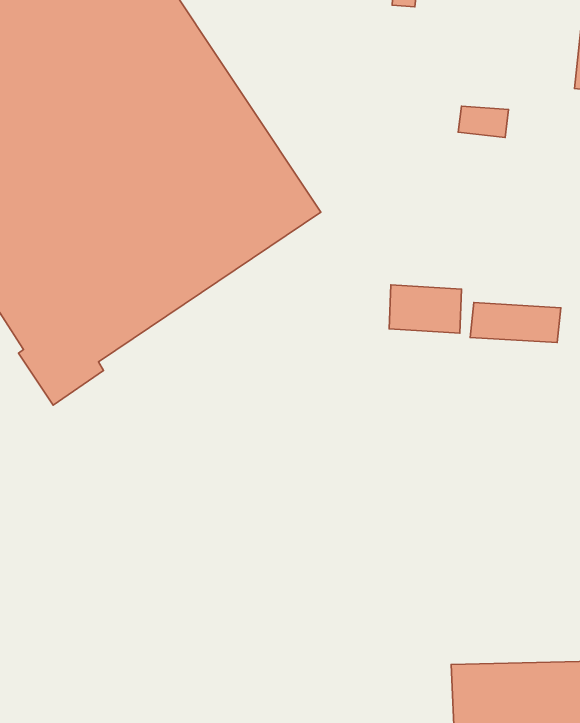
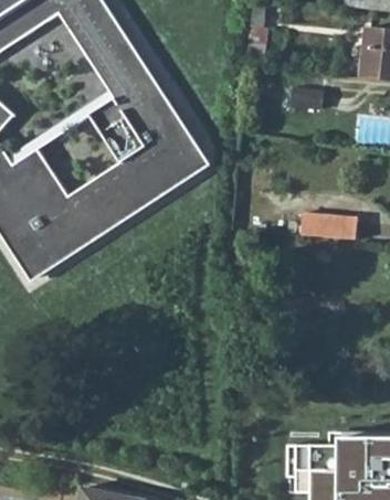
building: [389,285,461,333] -> none

